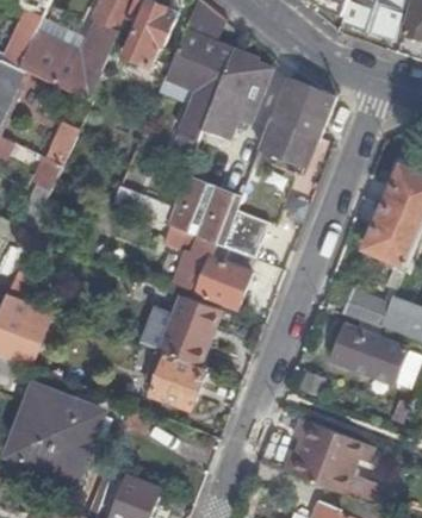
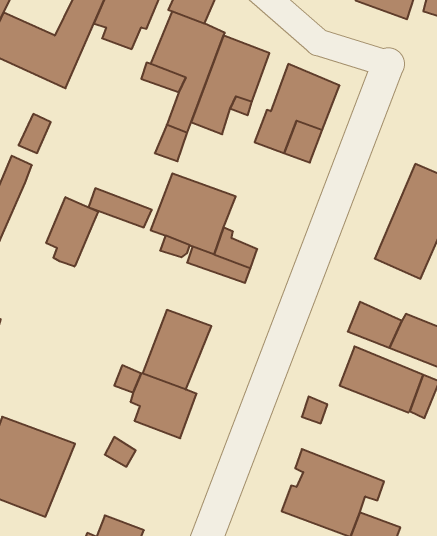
building: none -> [46,197,98,267]
building: [193,251,250,305] -> none

